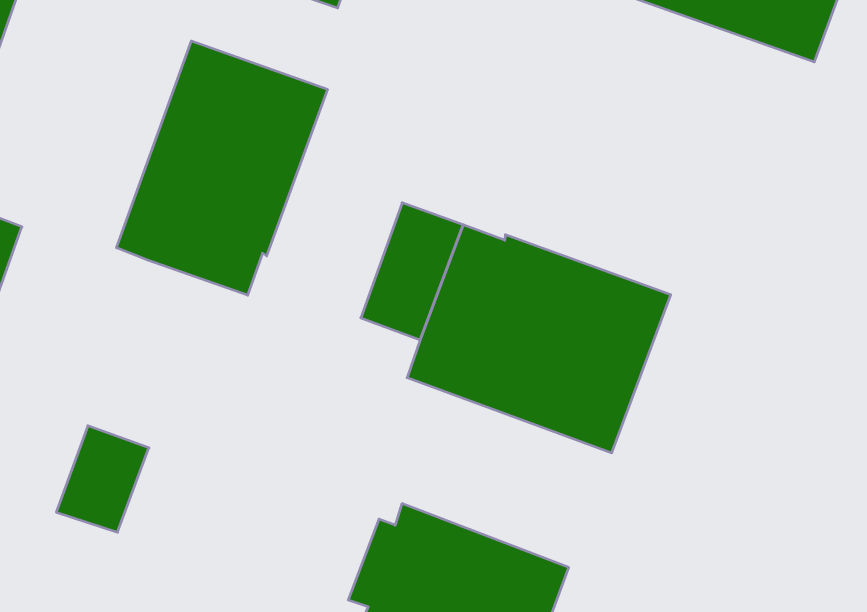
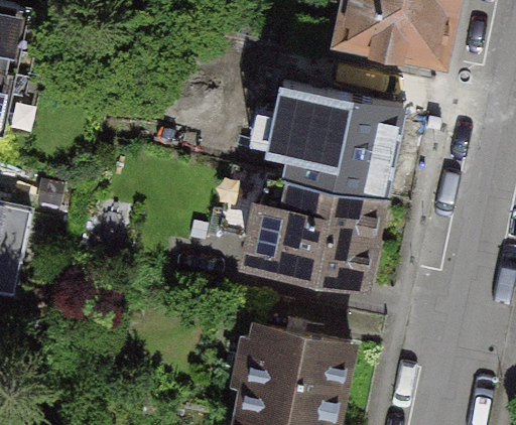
building: [117,41,327,295] -> none
building: none -> [270,89,397,199]

